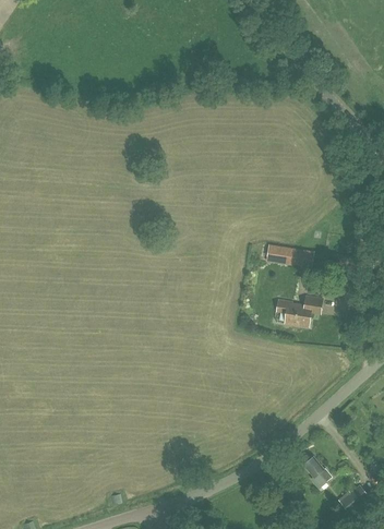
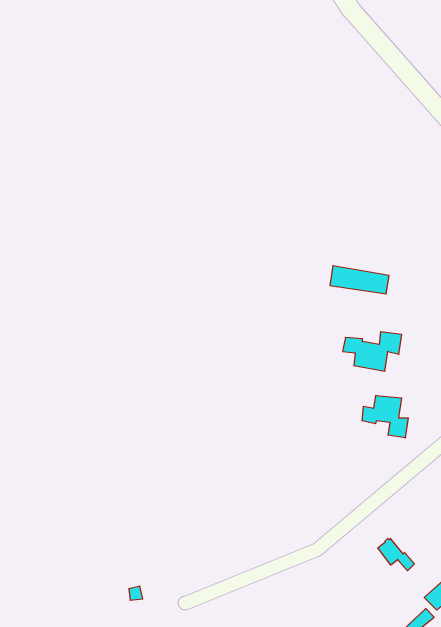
building: none -> [362,395,408,438]

